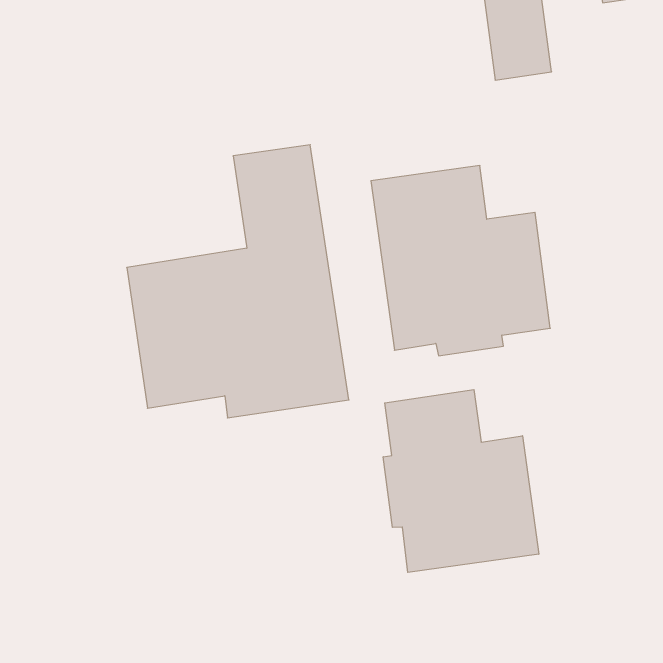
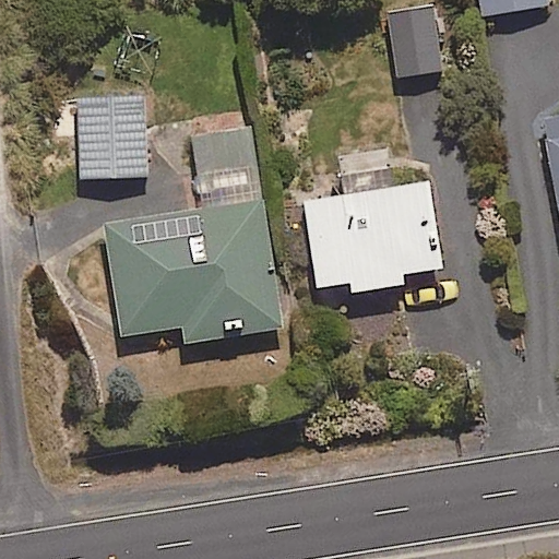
building: none -> [53,95,146,178]
building: [383,390,539,572] -> none

